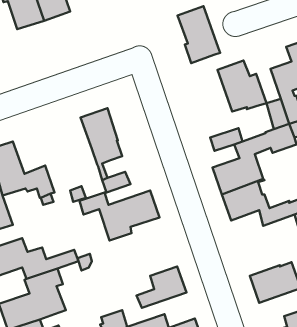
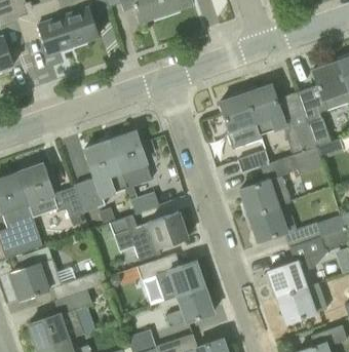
building: [178,6,220,63] -> [220,92,262,149]
building: none -> [75,140,127,213]
building: none -> [139,257,205,302]
building: none -> [268,257,313,296]

